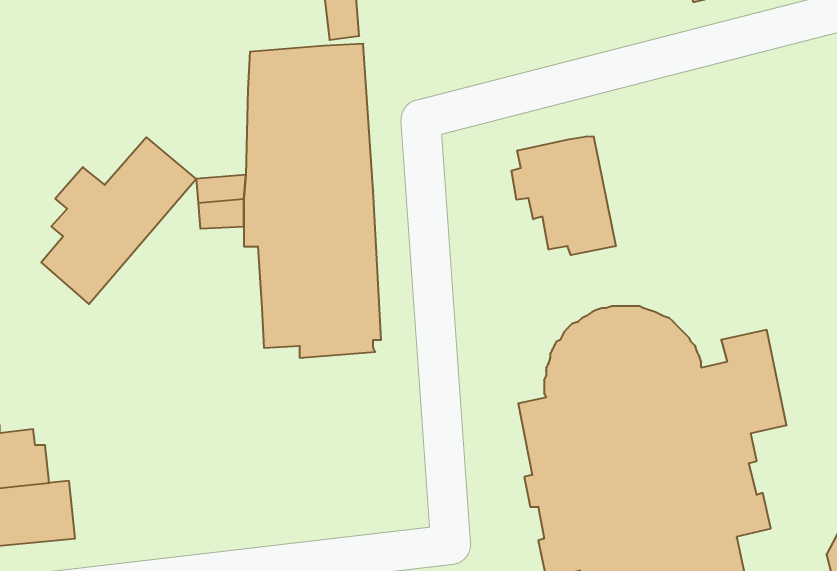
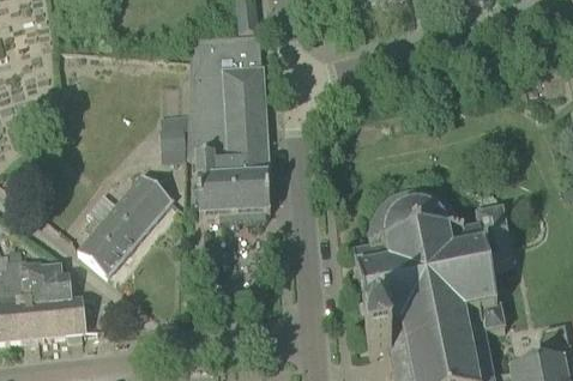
building: [512,136,616,255] -> none
building: [41,137,196,304] -> [79,174,173,274]

